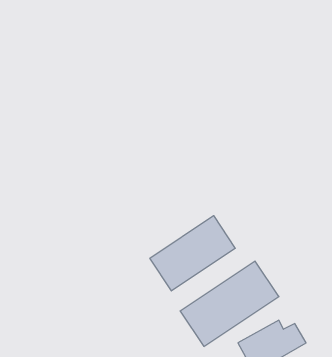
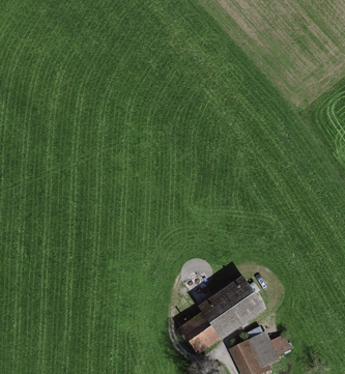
building: [150,216,235,291] -> none

